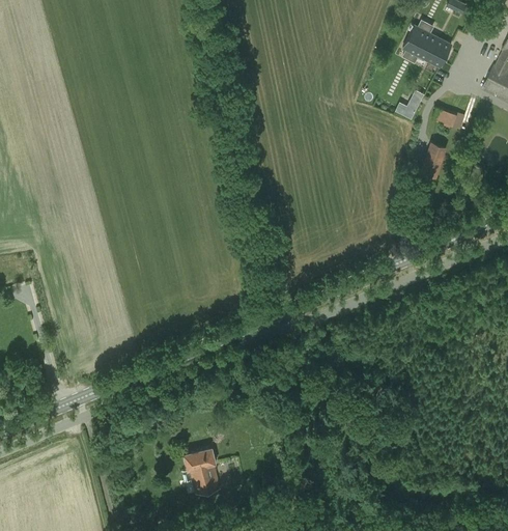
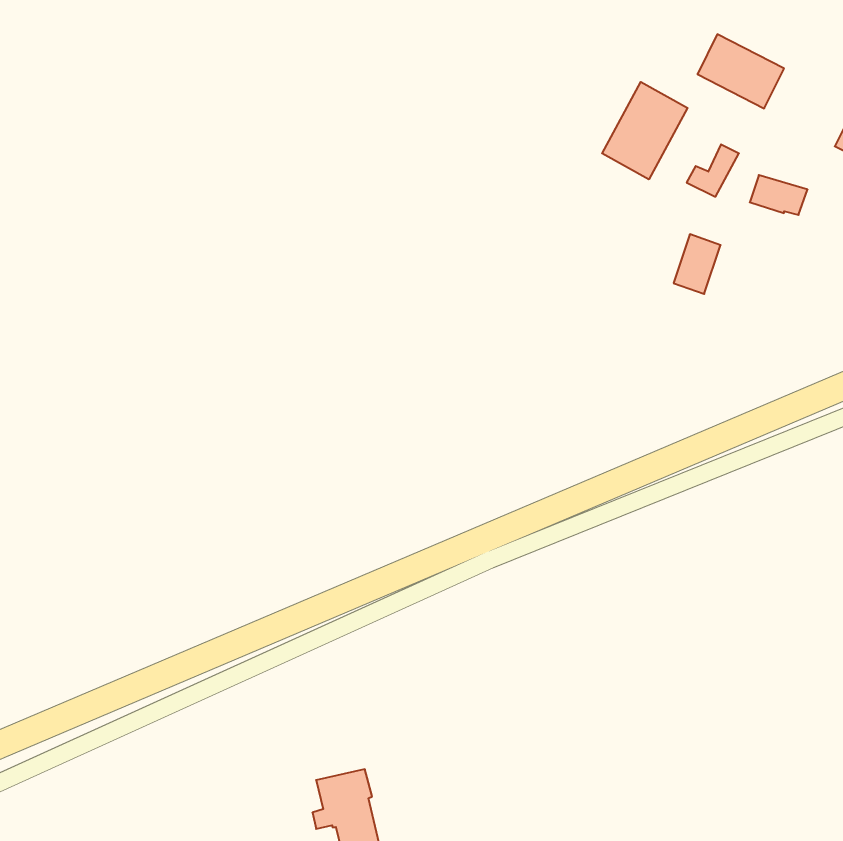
building: none -> [602,82,688,179]
building: [422,139,449,173] -> [674,234,721,294]

